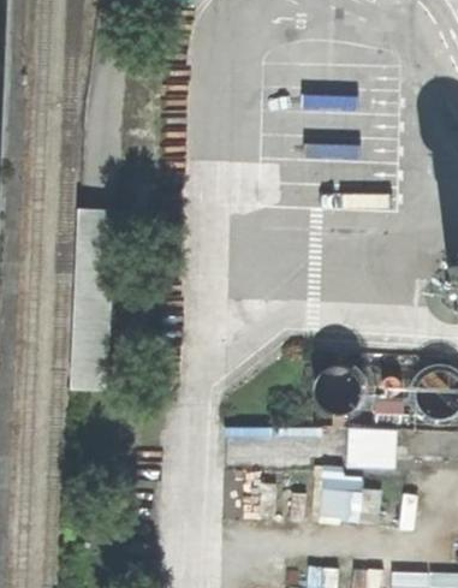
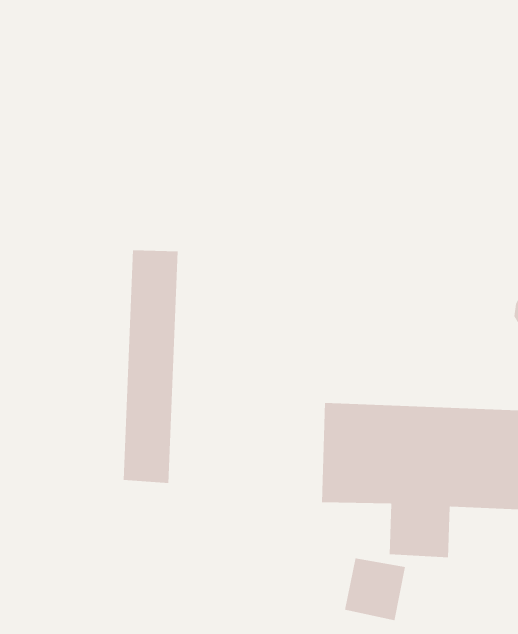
building: [70,215,113,398] -> [123,250,178,483]

